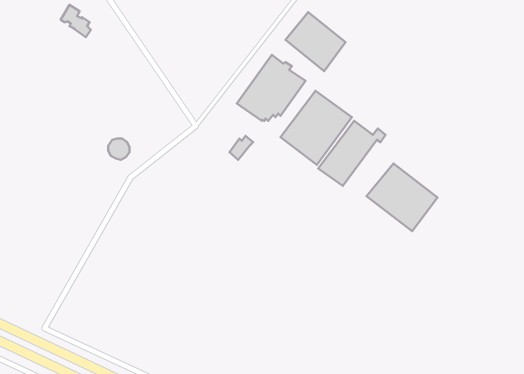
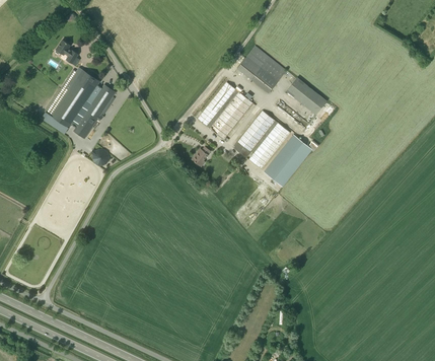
building: none -> [48,67,116,138]
building: none -> [286,77,327,115]
building: [366,164,437,231] -> none

